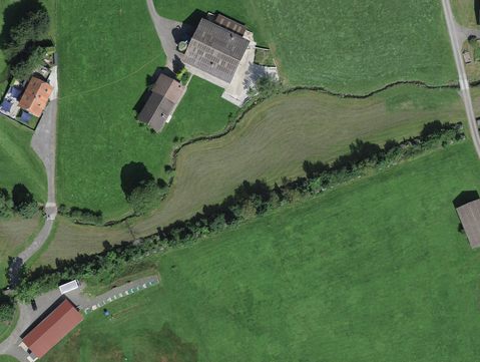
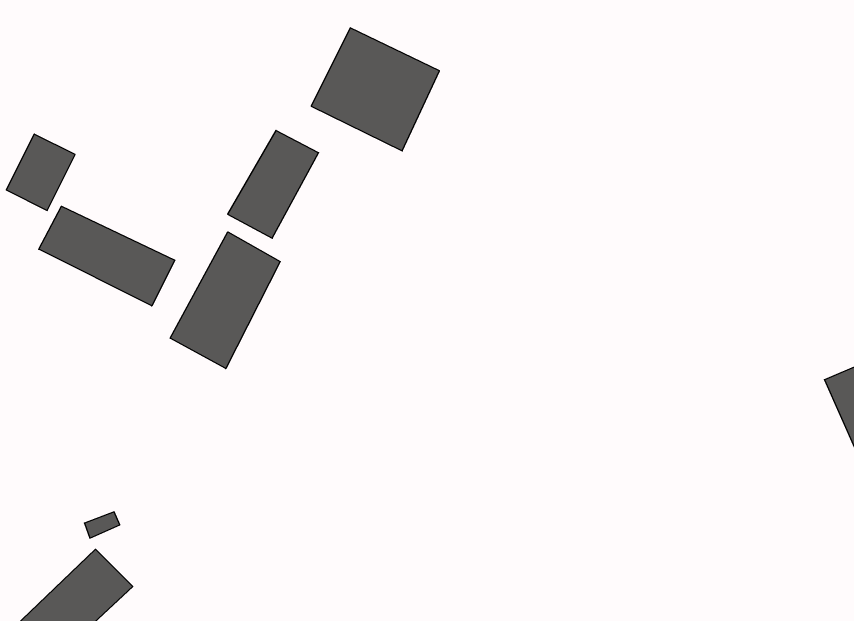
building: none -> [39,206,175,306]
building: none -> [170,232,280,369]

